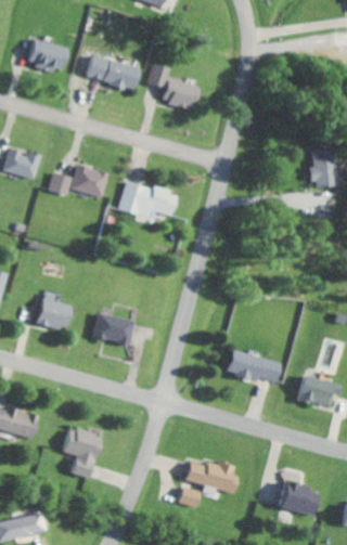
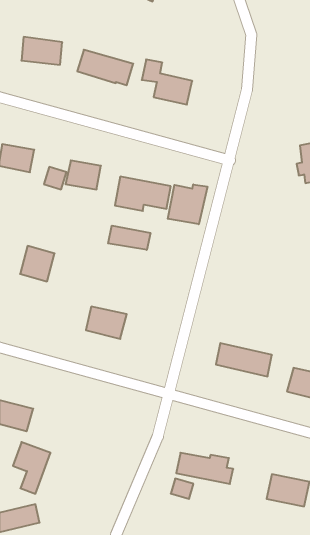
building: none -> [168,184,207,224]
building: none -> [108,226,150,250]
building: [37,295,72,330] -> [20,246,55,281]
building: [63,426,101,478] -> [13,442,51,494]

